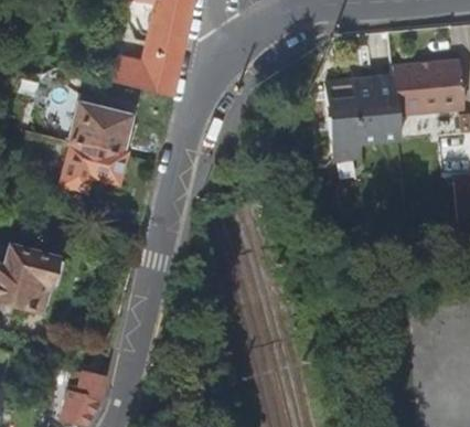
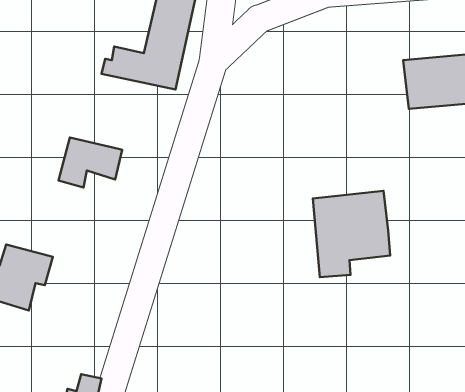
building: [328,75,403,159] -> [313,191,390,277]
building: [70,104,128,152] -> none

